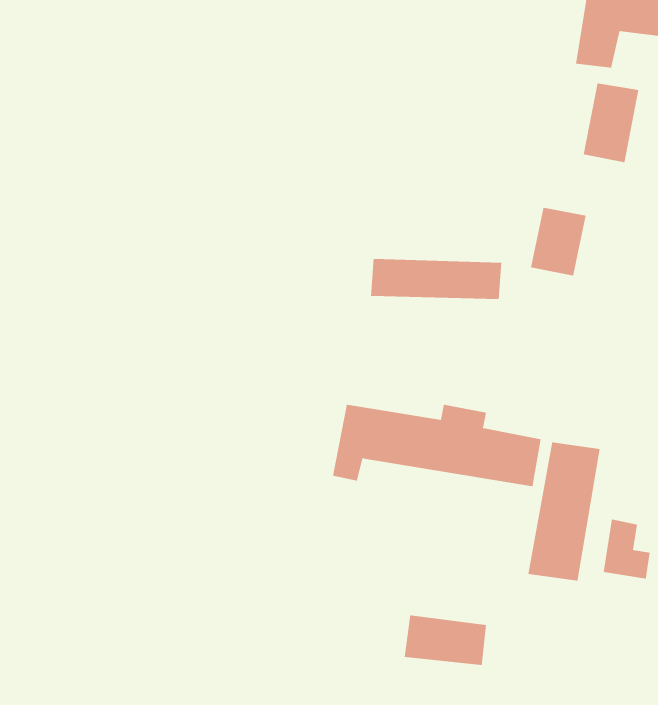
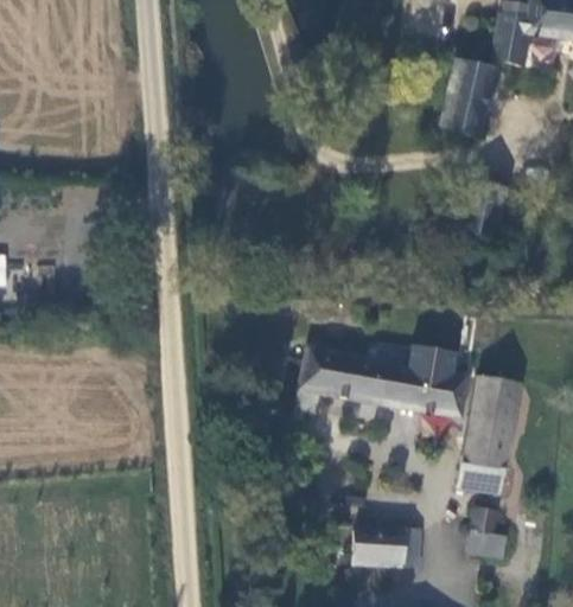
building: [583,83,639,163] -> [454,62,502,129]
building: [371,258,502,300] -> none
building: [603,519,651,579] -> [467,507,508,558]

